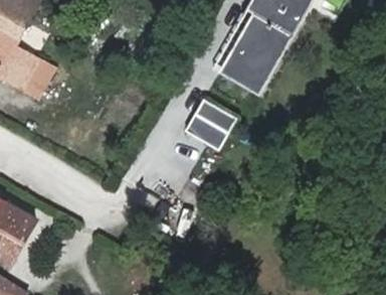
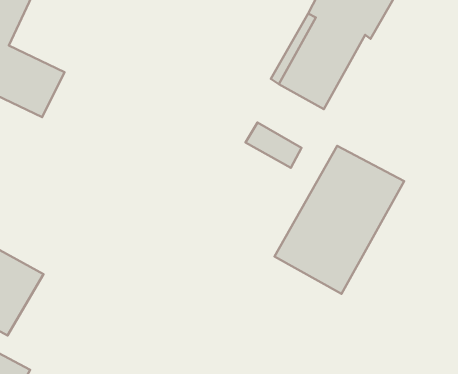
building: none -> [275,146,404,294]

